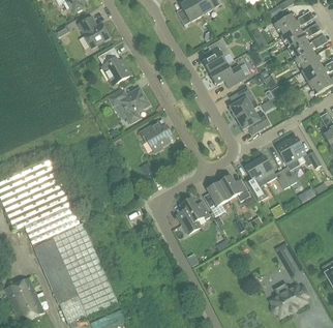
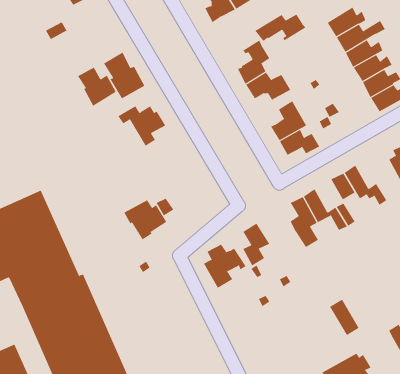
building: [78,16,109,47] -> [77,67,116,106]
building: none -> [254,14,306,42]
building: [140,120,174,152] -> [124,199,167,240]
building: [218,174,250,200] -> none

